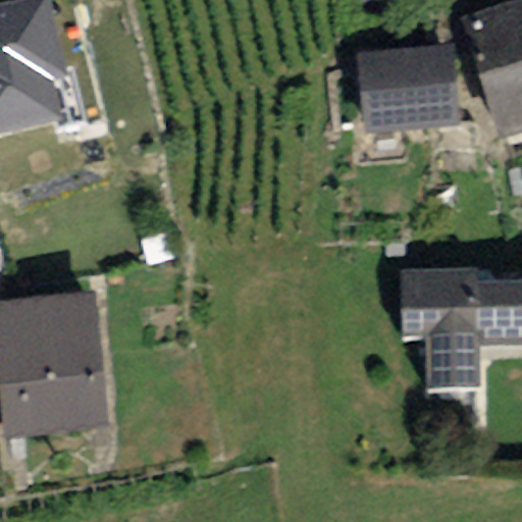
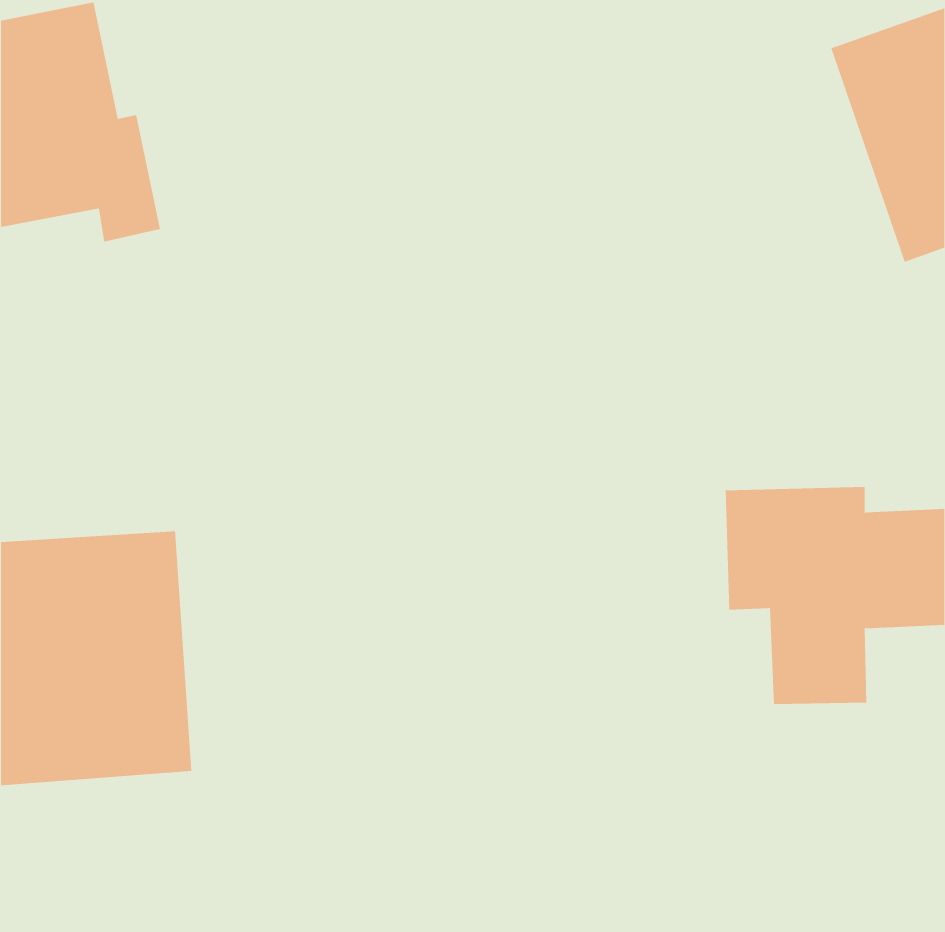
building: [357,51,454,130] -> none

